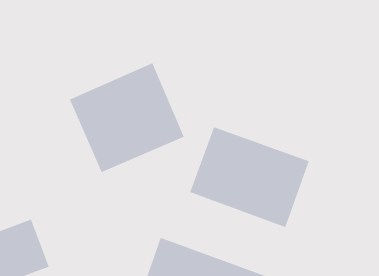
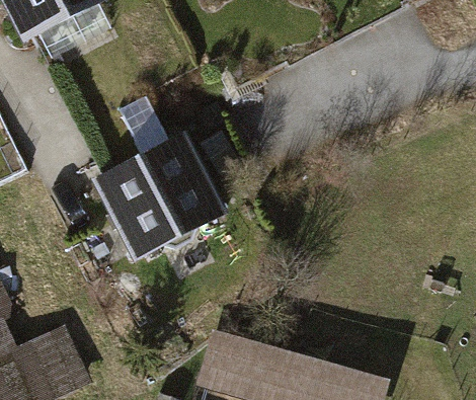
building: [189,126,310,228] -> none

